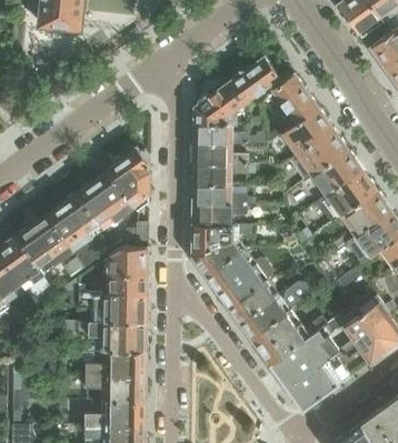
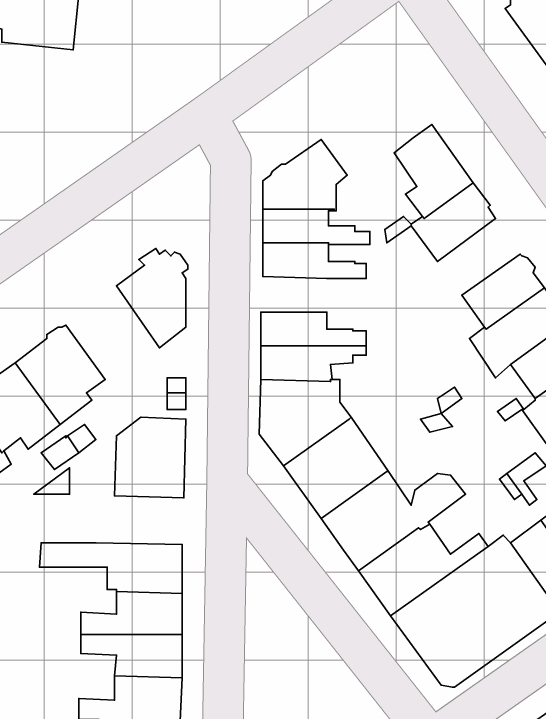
building: [228,57,280,104] -> none
building: [297,130,346,175] -> none
building: [192,164,256,185] -> none
building: [77,170,135,225] -> none
building: [94,294,147,323] -> none

